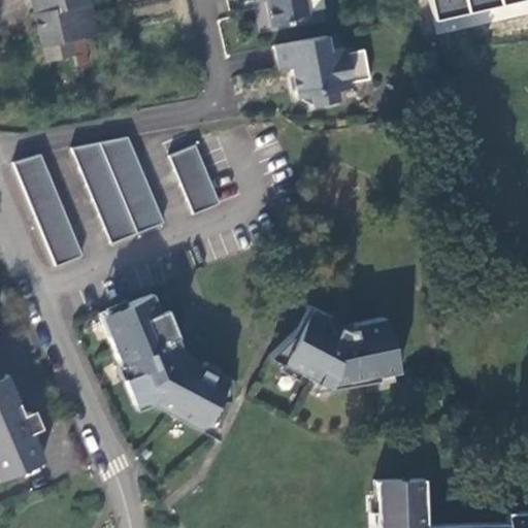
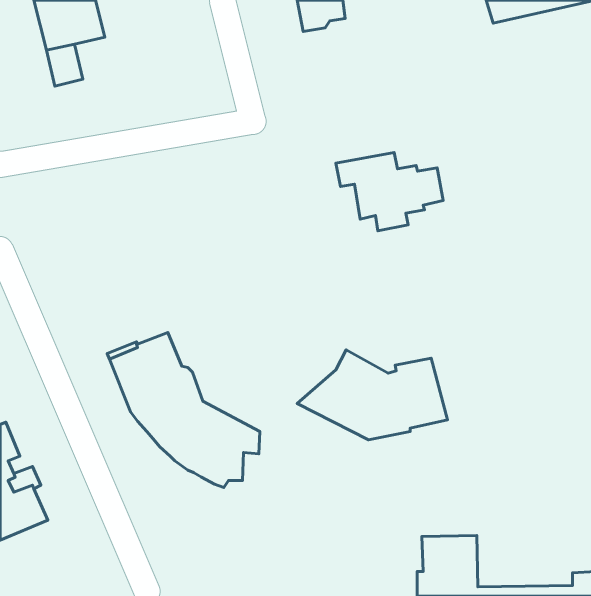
building: [275,37,370,106] -> [336,153,443,231]
building: [73,136,165,243] -> none
building: [170,145,221,214] -> none
building: [14,154,82,266] -> none

